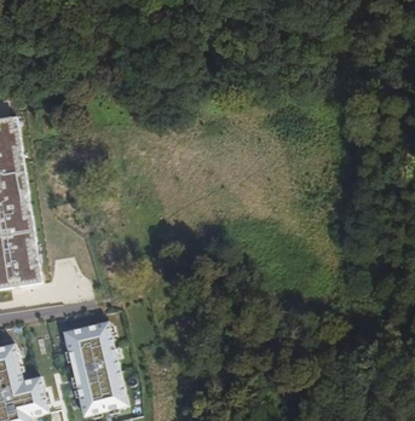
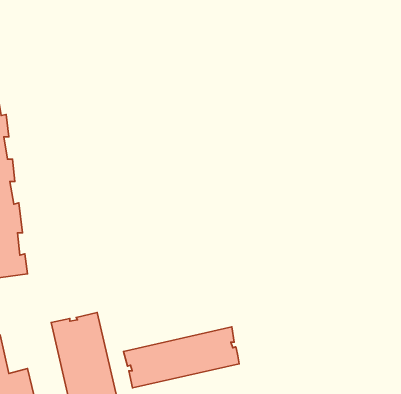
building: none -> [124,327,239,388]

